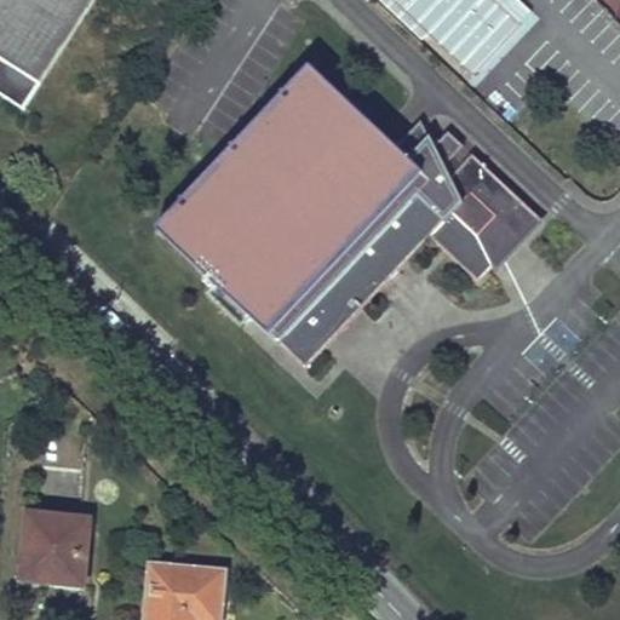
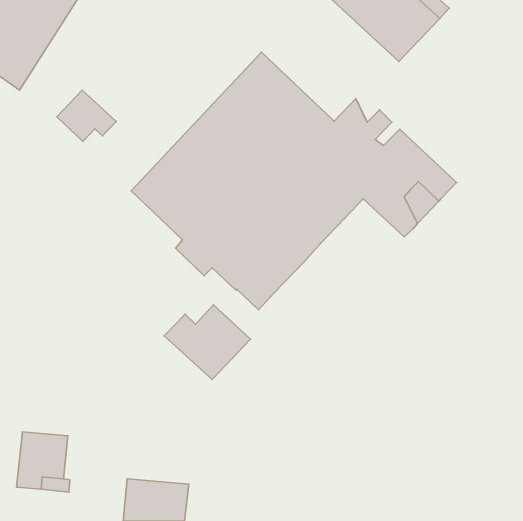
building: none -> [57,90,116,142]
building: none -> [164,305,250,380]

